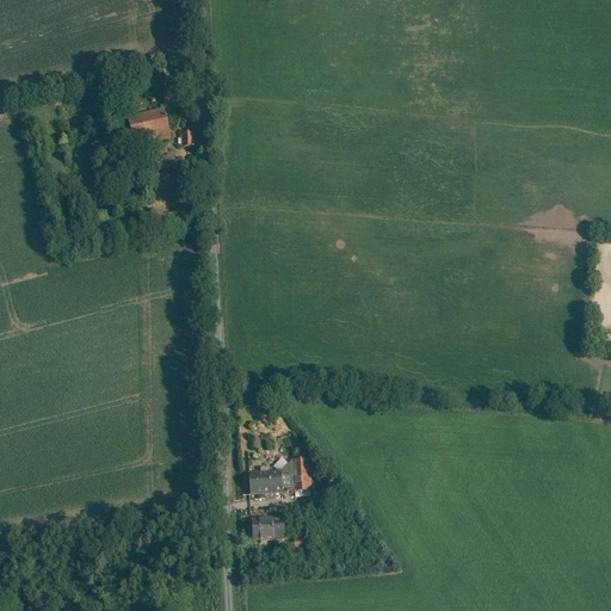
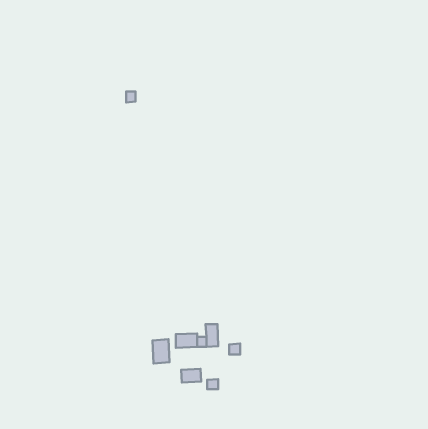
building: [136,106,167,140] -> none
building: none -> [153,339,169,363]

